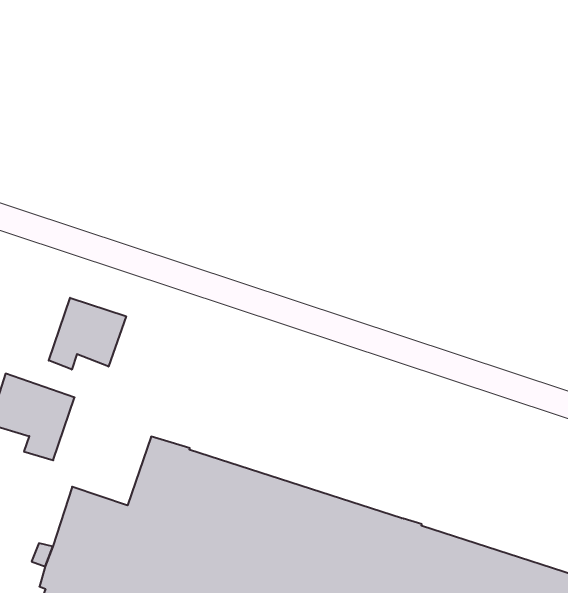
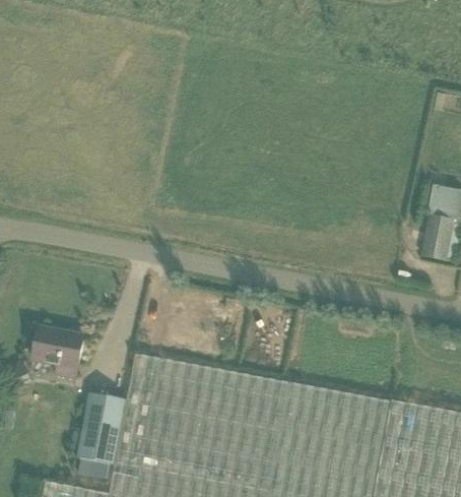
building: [49,298,126,370] -> none

